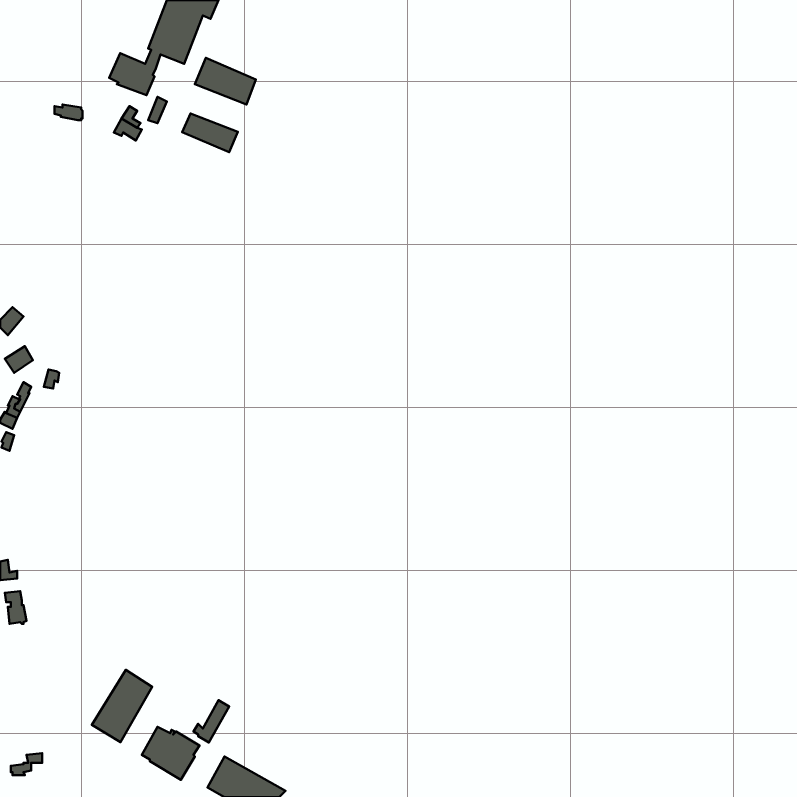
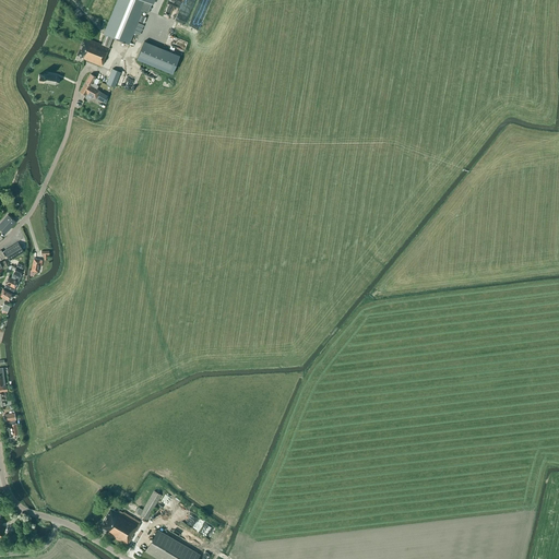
building: [182,114,238,152] -> none
building: [92,670,152,742] -> none

